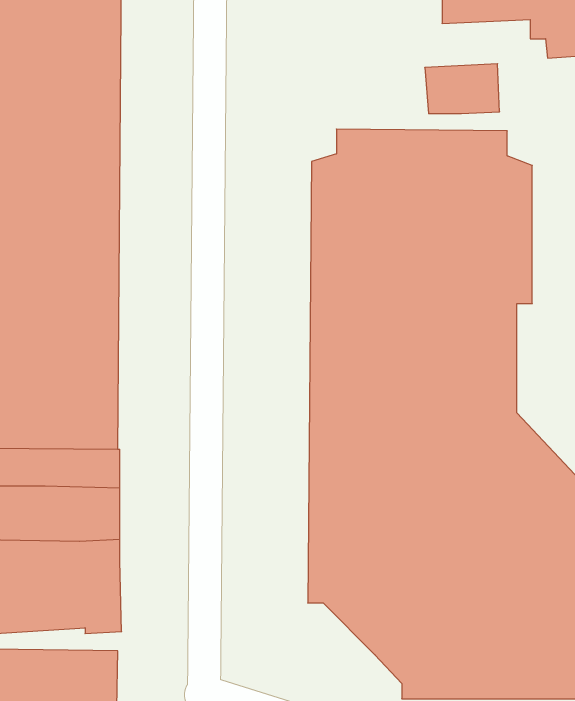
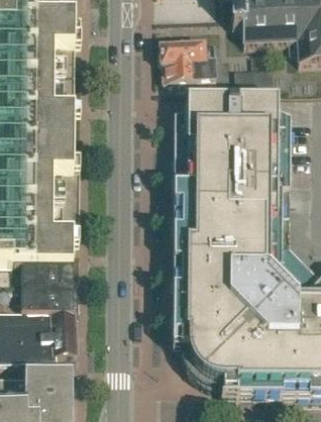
building: none -> [158,37,216,79]

